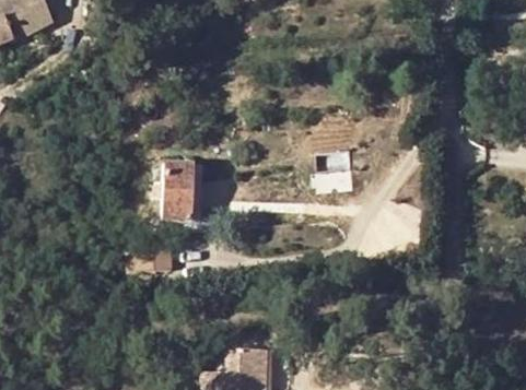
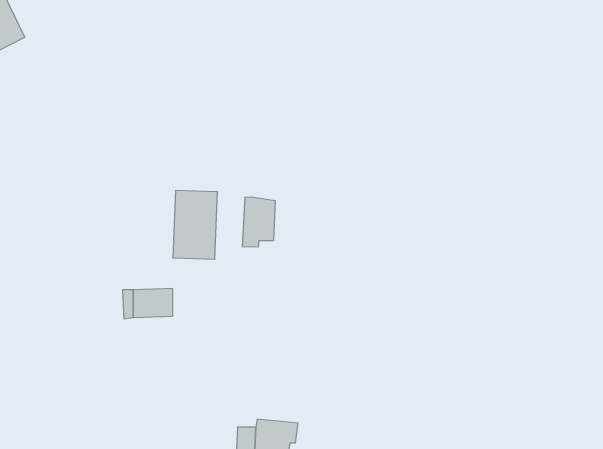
building: none -> [242,197,275,247]

